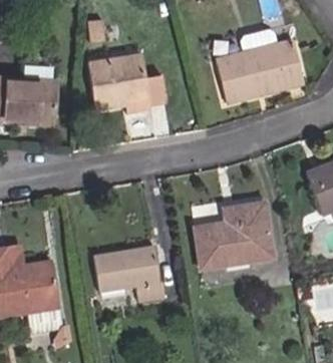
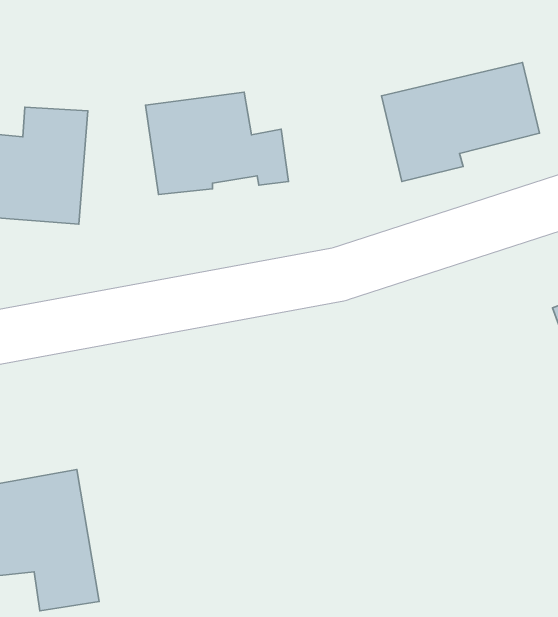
building: [195,203,273,269] -> none
building: [92,246,165,301] -> none

